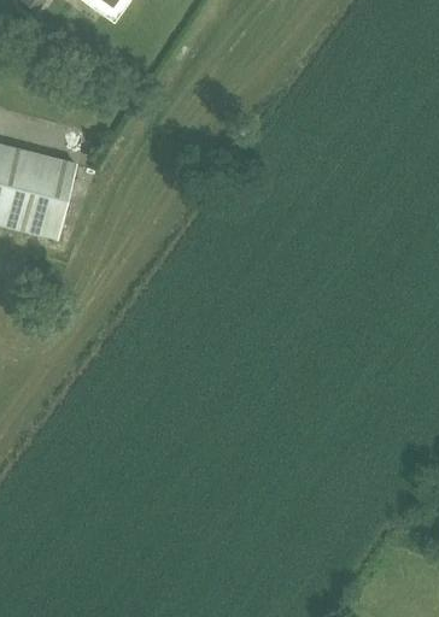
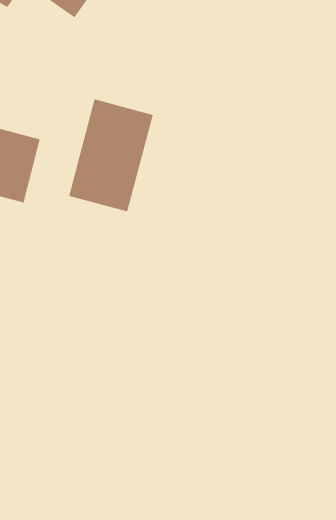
building: none -> [68,98,153,212]

